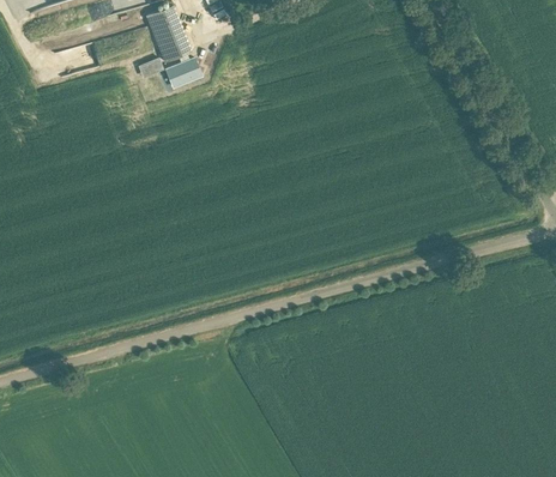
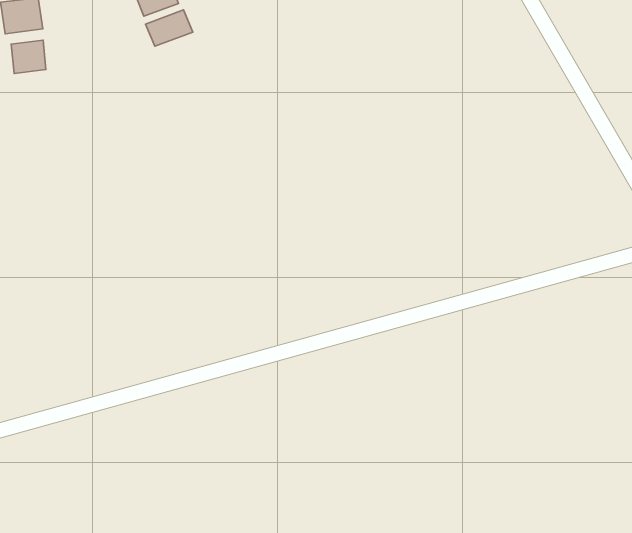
building: none -> [11,40,46,73]

